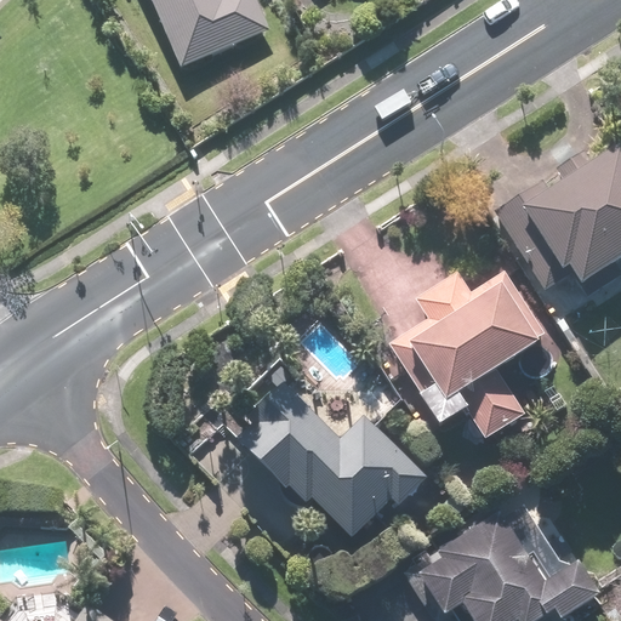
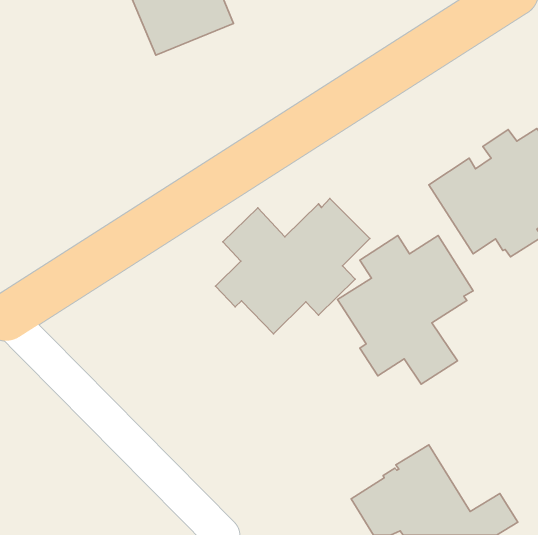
building: none -> [215,198,370,334]
building: [234,380,427,541] -> none

